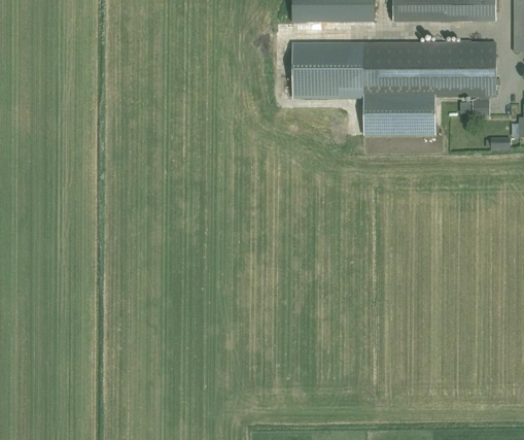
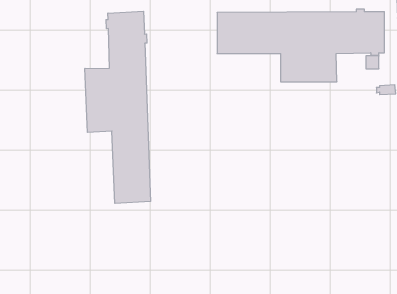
building: none -> [85,11,151,203]

